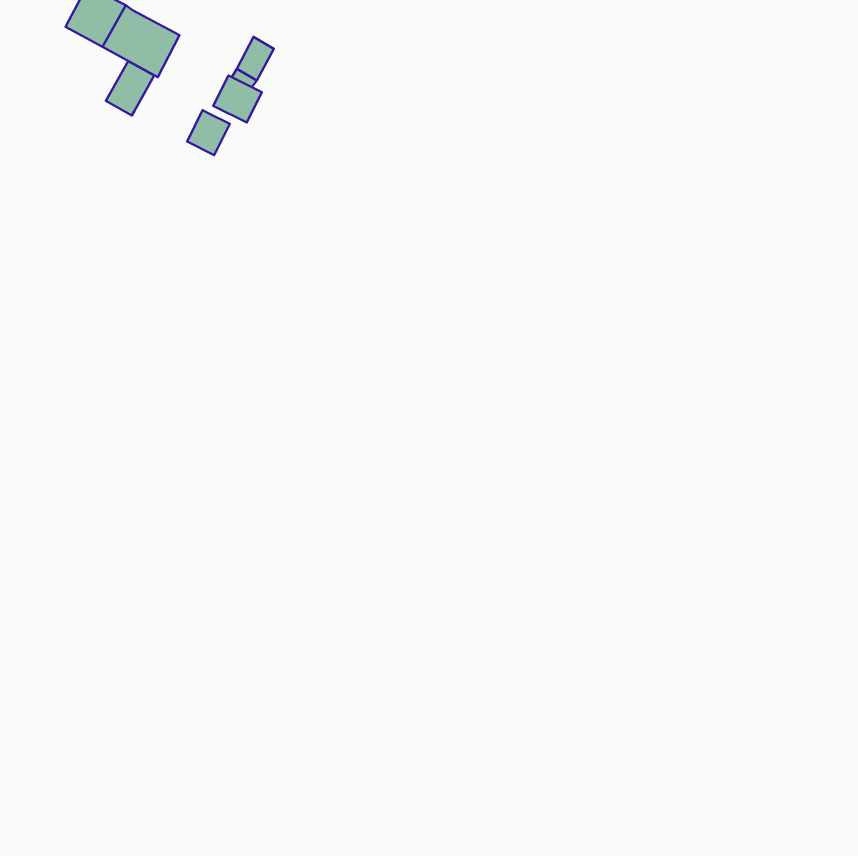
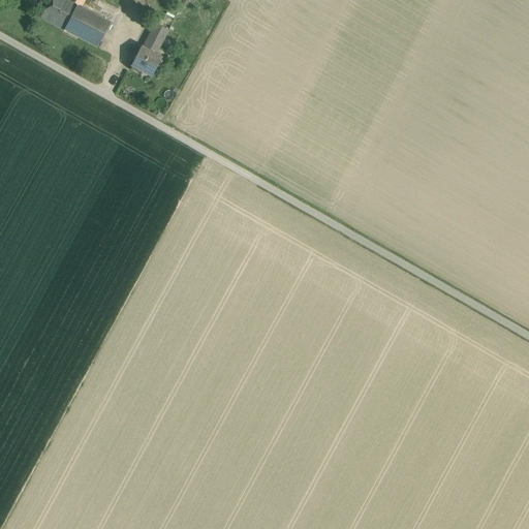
building: [106,61,154,116] -> none
building: [187,110,230,155] -> none

